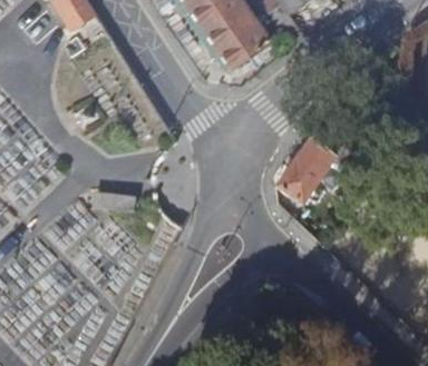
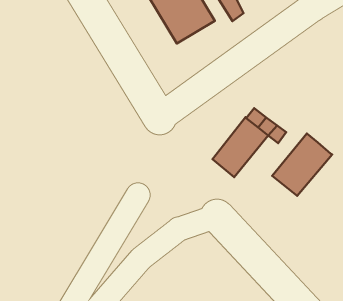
building: none -> [272,133,332,196]

